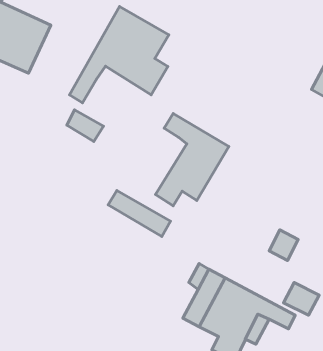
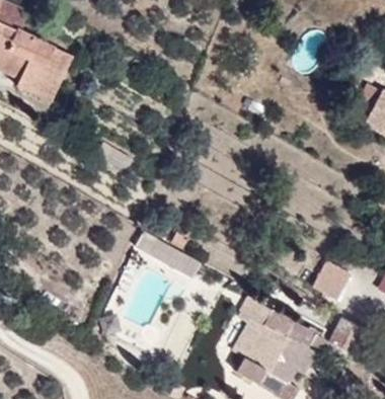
building: [69,6,169,103] -> none
building: [155,114,229,206] -> none

